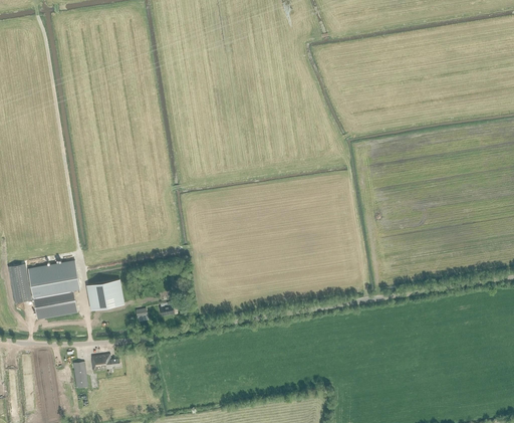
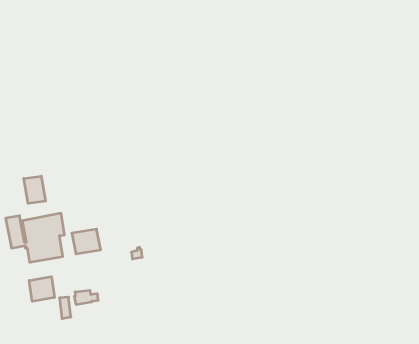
building: none -> [24,176,46,203]
building: none -> [29,277,54,301]

